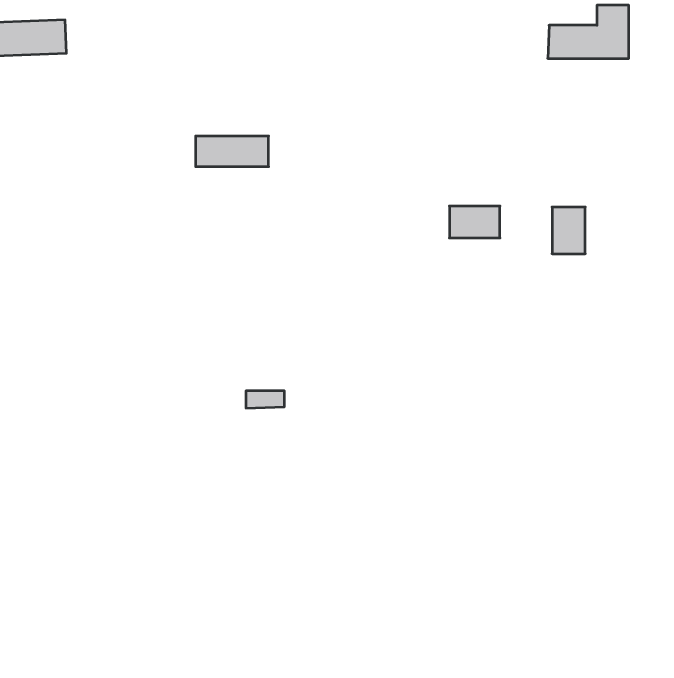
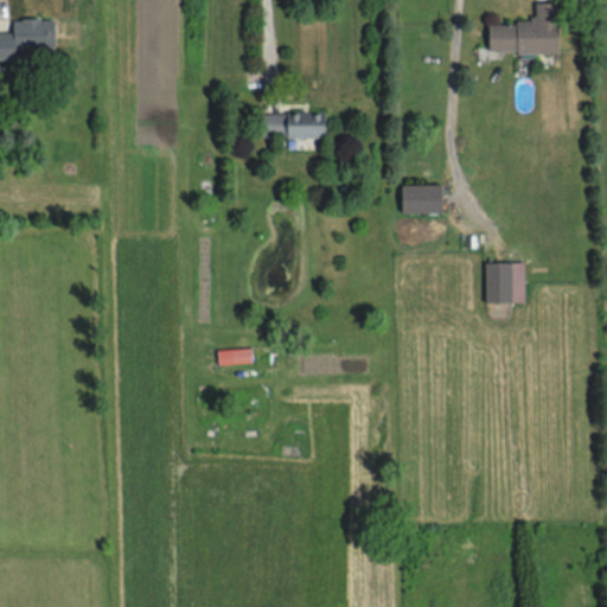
building: [196,136,269,167] -> [268,113,333,140]
building: [552,207,585,254] -> [485,262,515,304]

